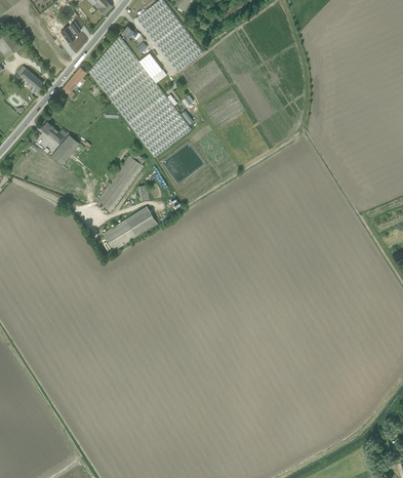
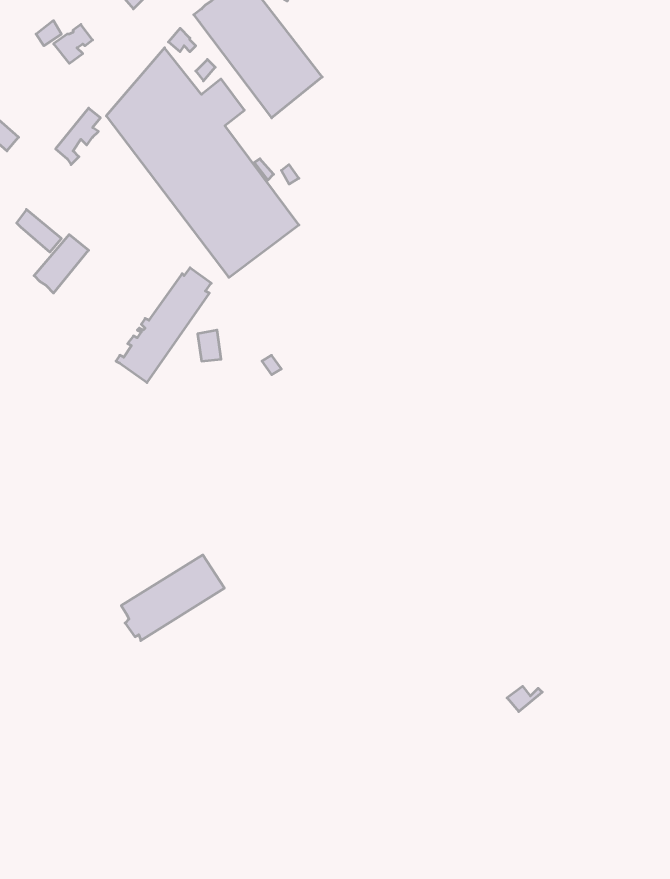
building: [103,206,157,251] -> [121,555,224,641]

